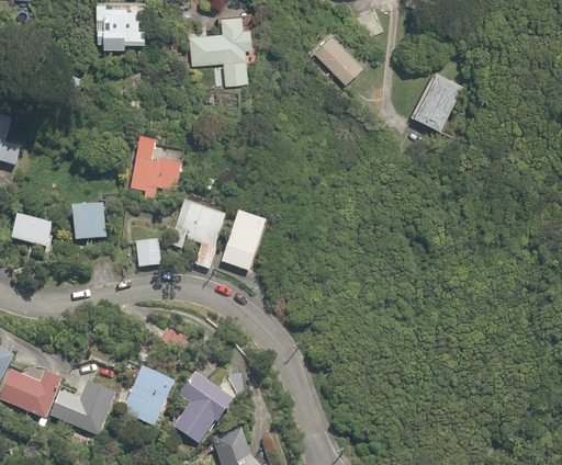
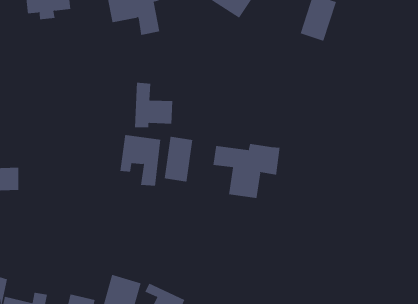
building: [128,134,180,191] -> [134,82,173,128]
building: [70,202,105,239] -> none
building: none -> [213,143,280,199]
building: [135,239,162,266] -> none
building: [183,370,233,410] -> none

